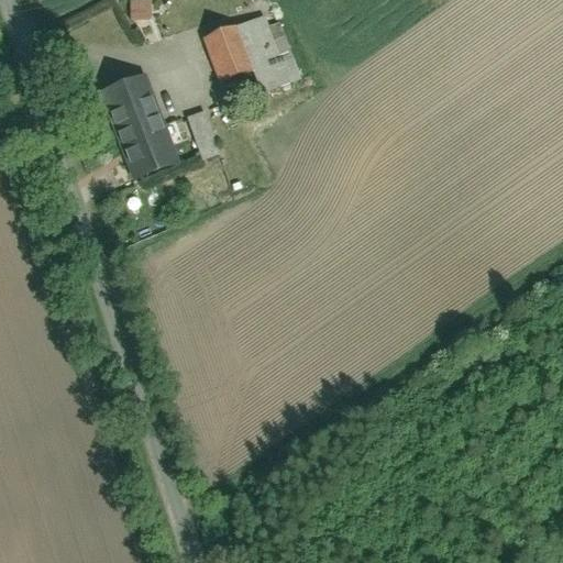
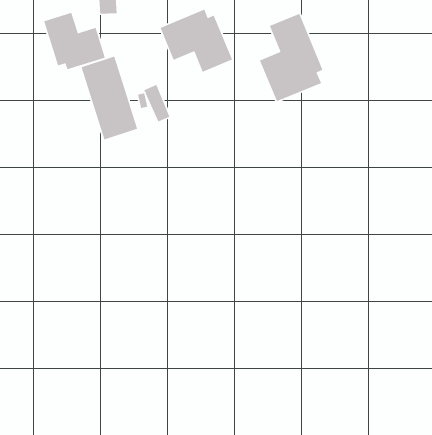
building: none -> [43,12,106,70]
building: none -> [259,13,324,102]

